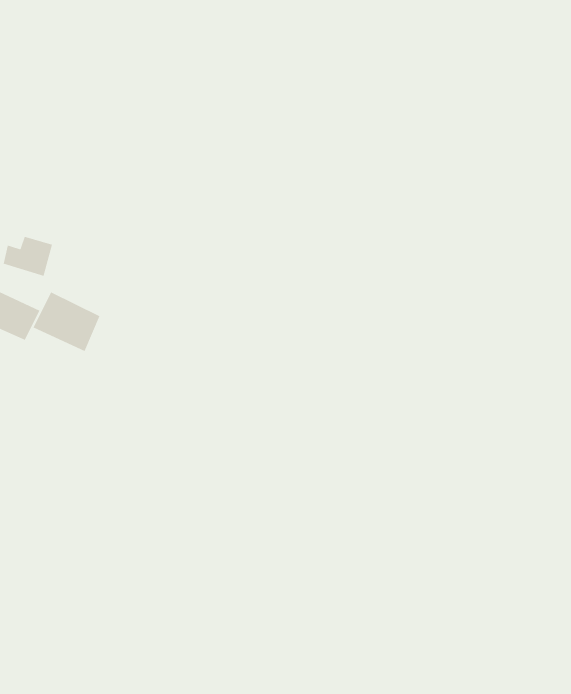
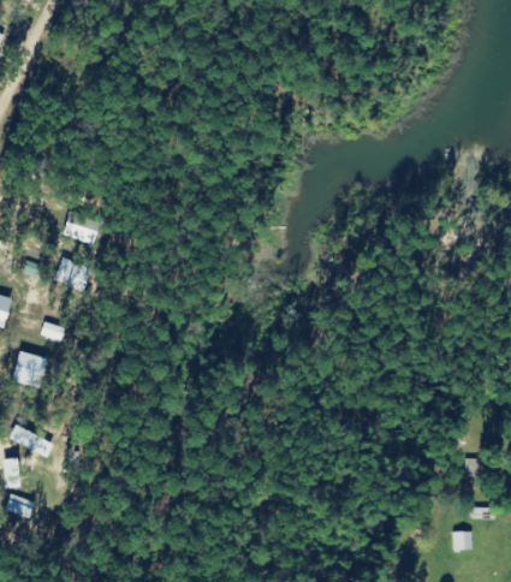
building: [33,292,100,352] -> none

